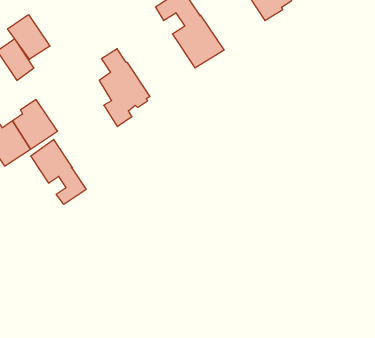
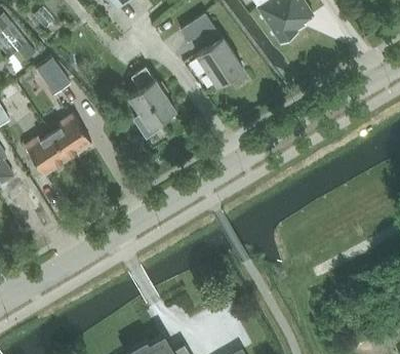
building: [8,15,50,59] -> none
building: [31,139,86,204] -> none

